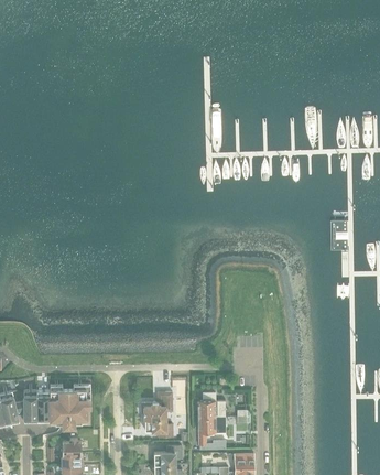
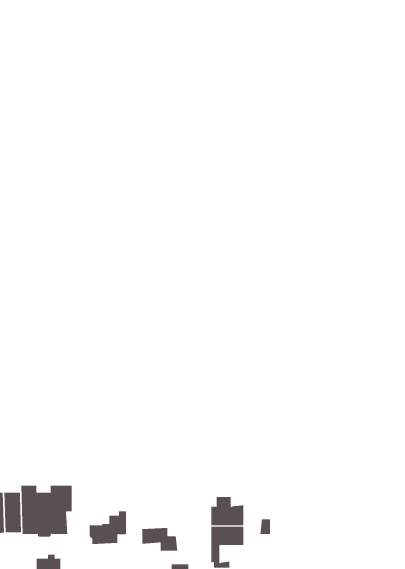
building: [141,392,171,419] -> [89,511,127,545]

